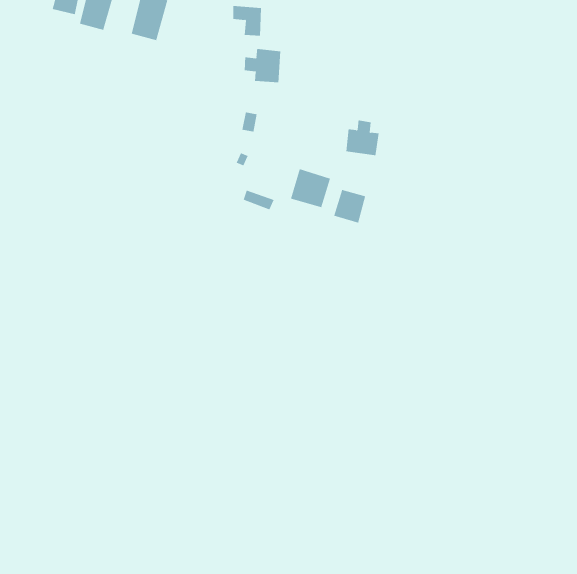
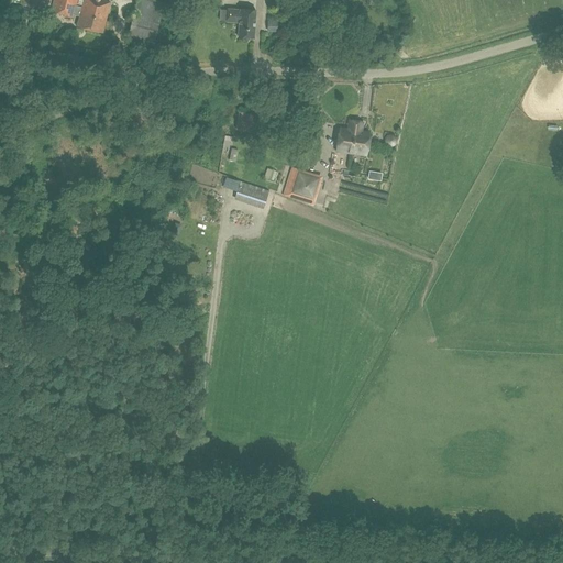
building: [244,48,281,83] -> none
building: [333,189,366,224] -> none

